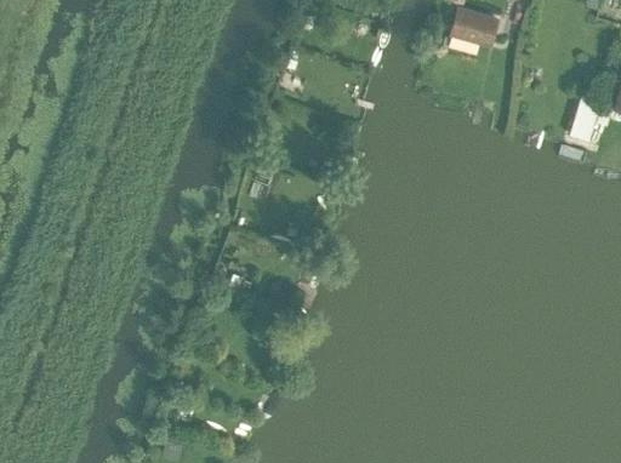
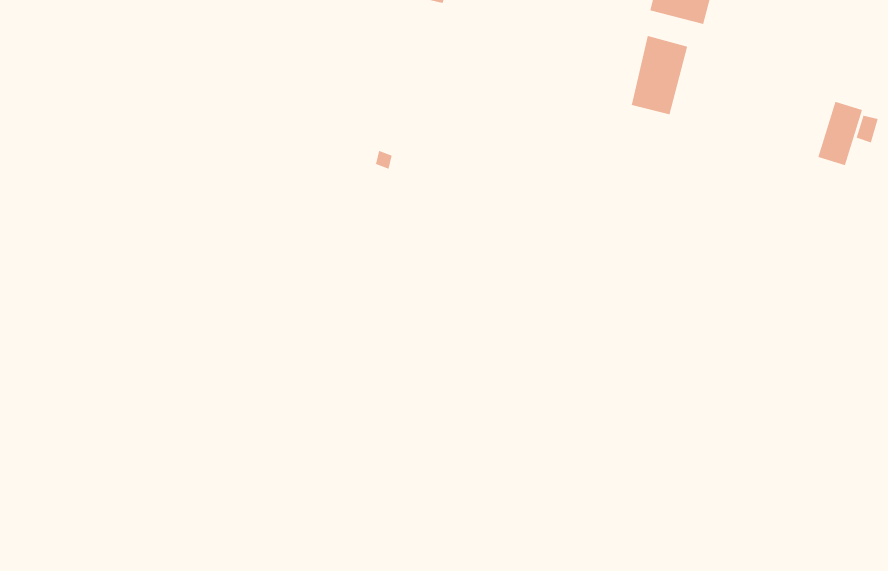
building: none -> [631,35,688,115]

